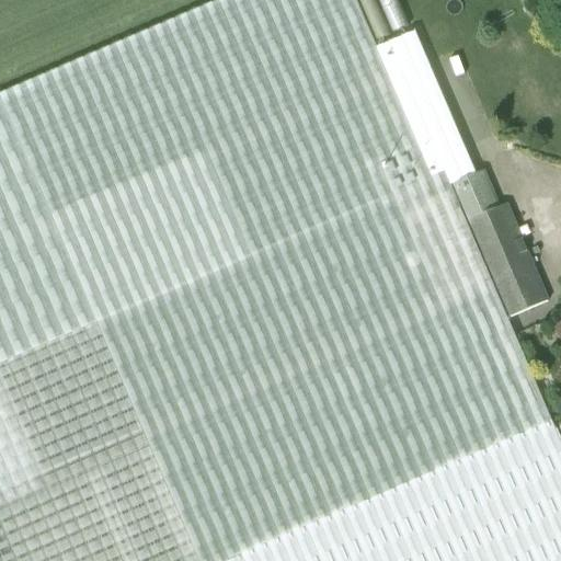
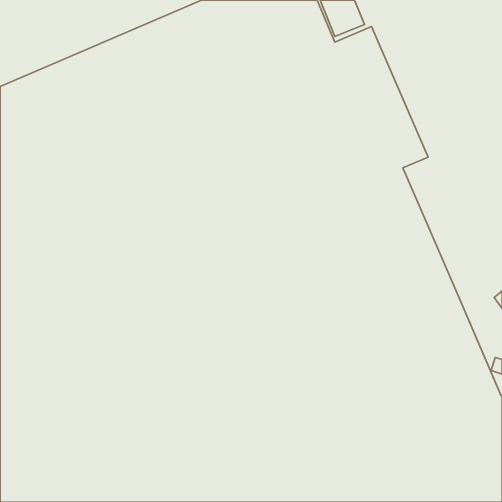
building: [449,174,548,321] -> none

